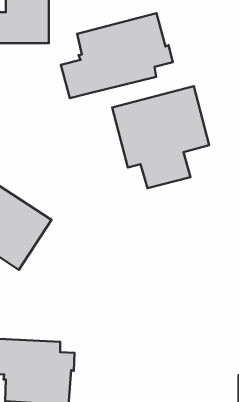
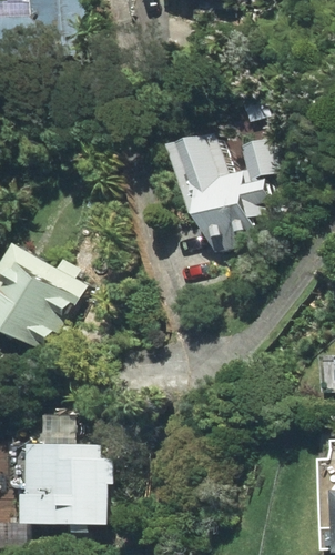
building: [61,13,173,98] -> none

